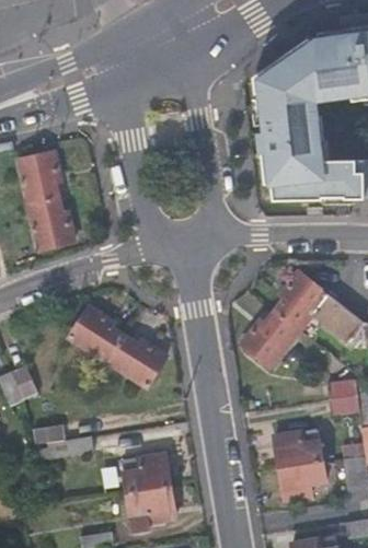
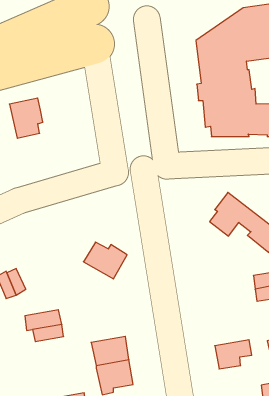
building: [26,197,73,249] -> none
building: [72,307,126,361] -> none
building: [241,310,296,363] -> none
building: [273,428,322,468] -> none

